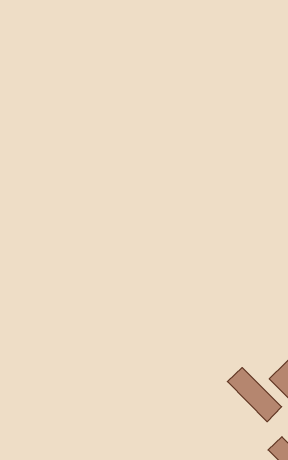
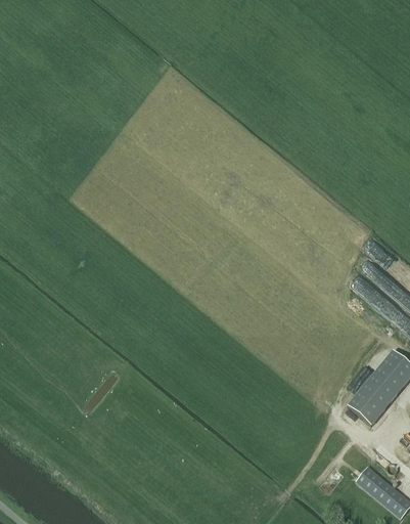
building: [227,368,282,422] -> none

